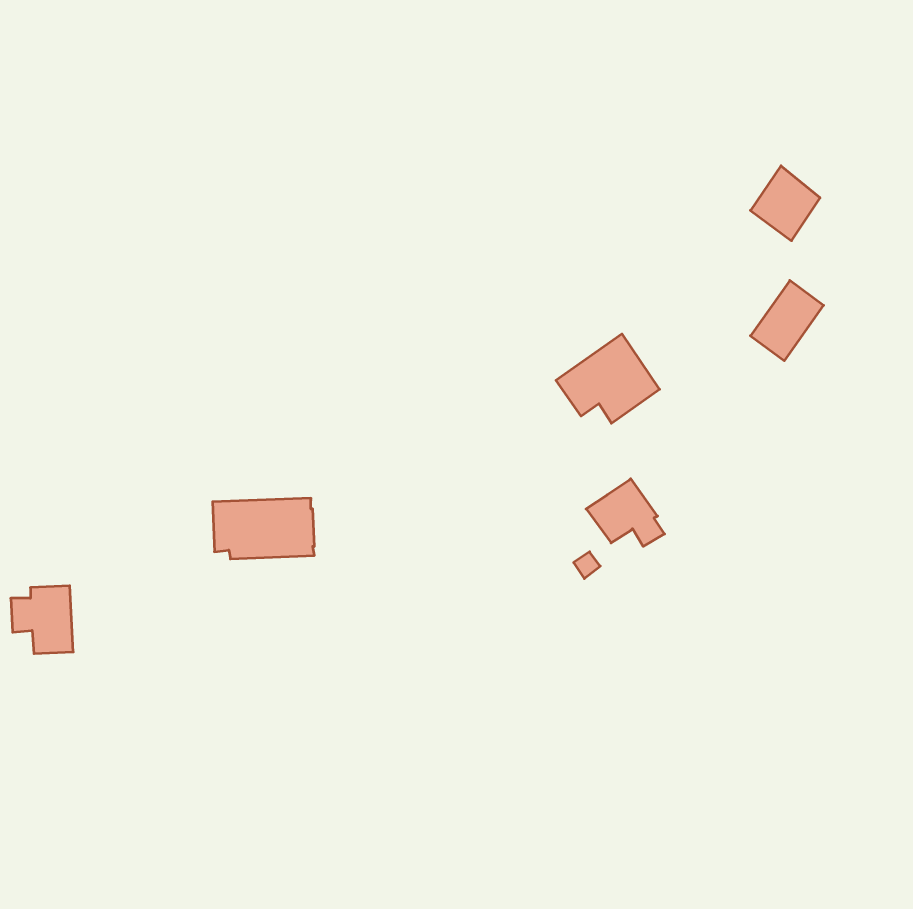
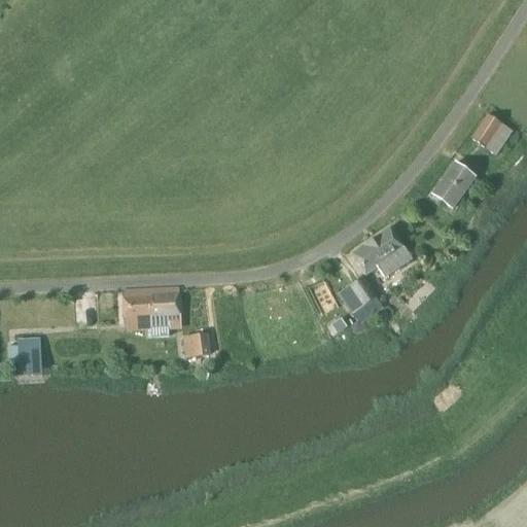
building: [750,166,820,241] -> [471,112,512,155]
building: [556,334,660,423] -> [352,226,412,278]
building: none -> [182,335,210,357]

